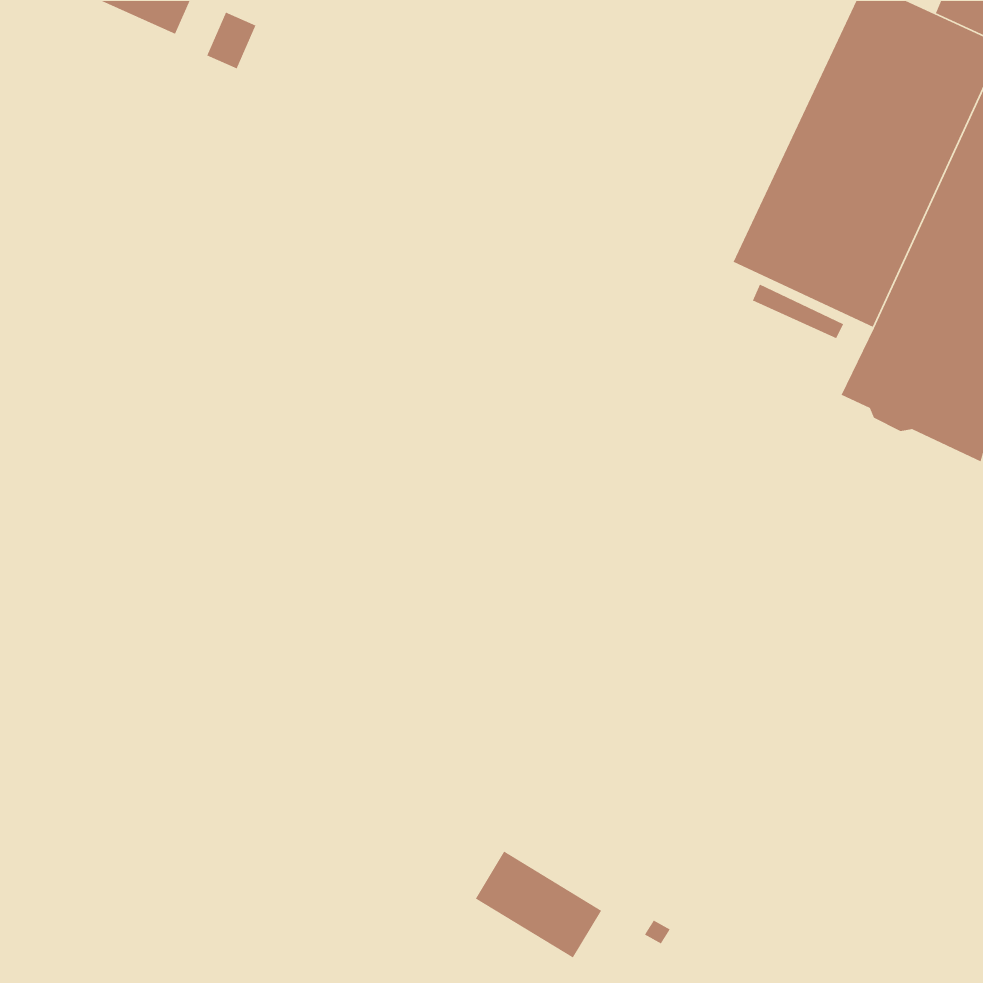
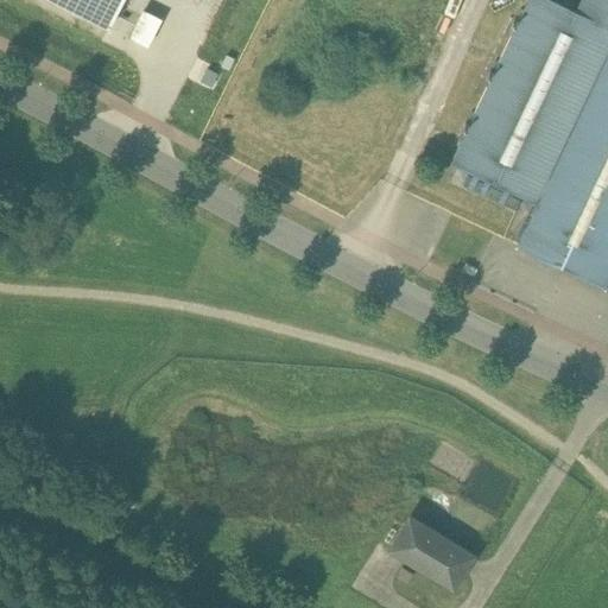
building: [475,851,602,959] -> [394,519,473,585]

